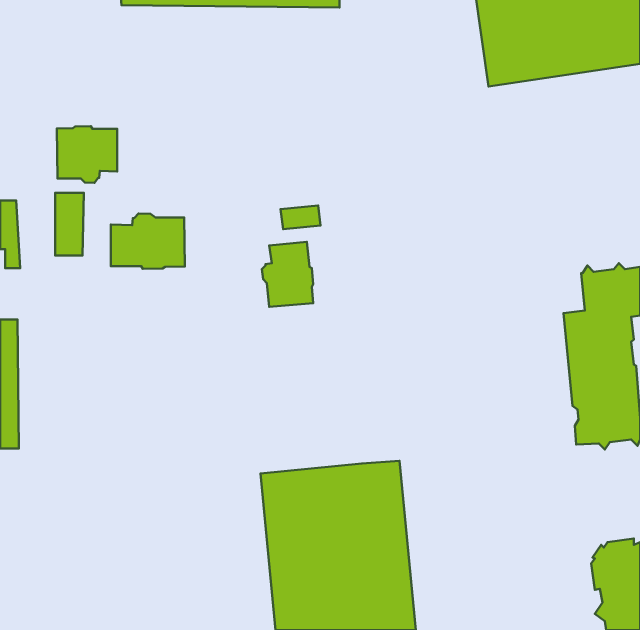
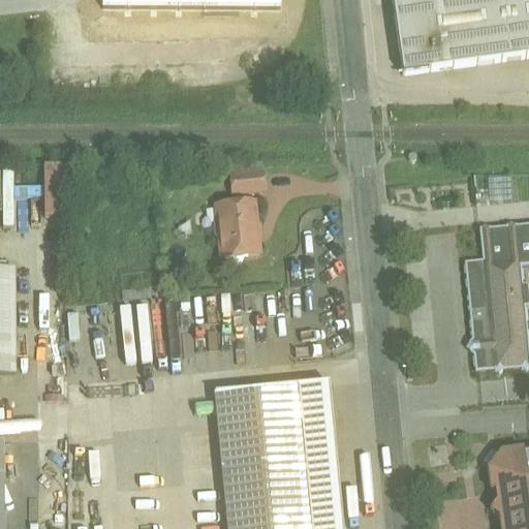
building: [57,126,117,183] -> none
building: [111,213,185,269] -> none

